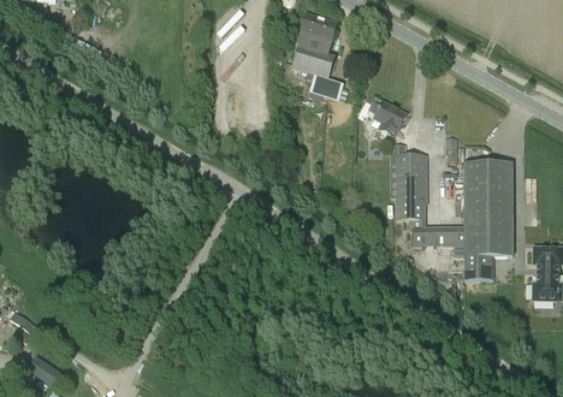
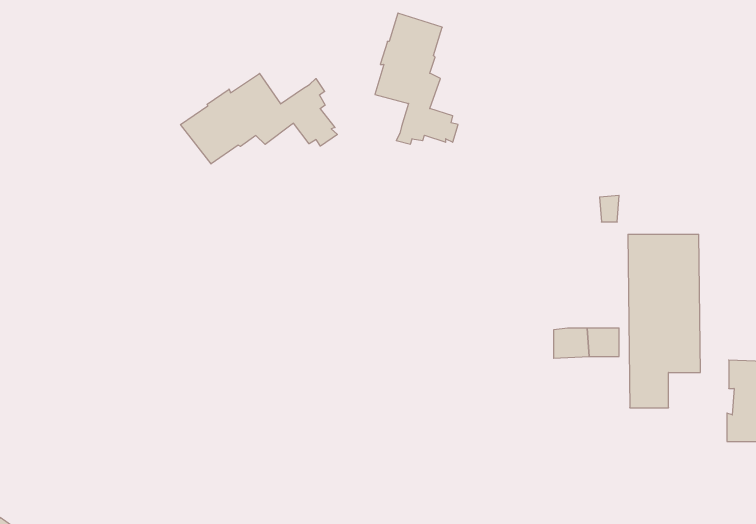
building: none -> [181,73,337,164]
building: [367,96,407,136] -> none
building: [395,154,427,219] -> none

